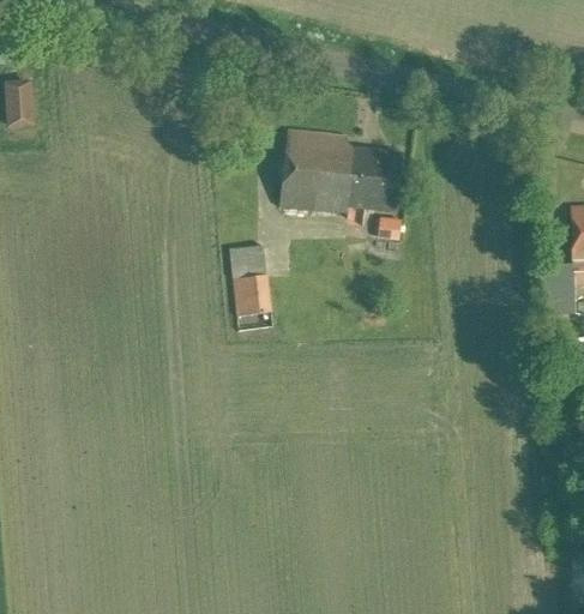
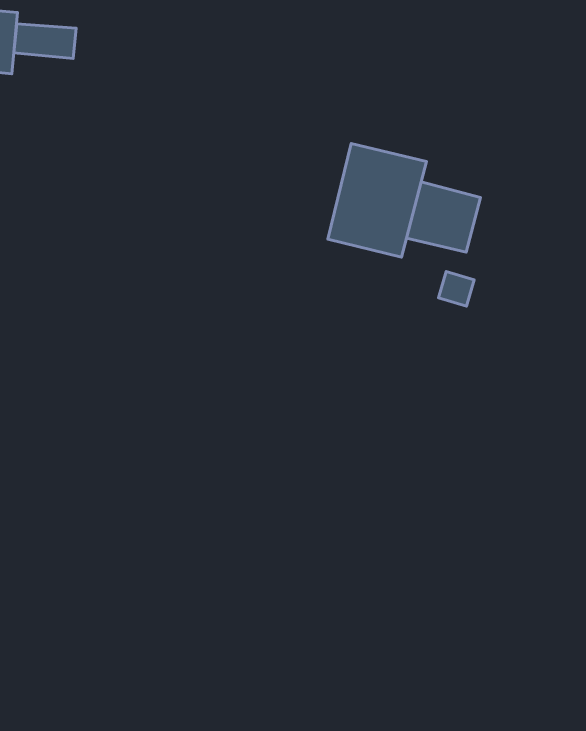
building: none -> [14,24,76,58]
building: [233,246,270,315] -> none

